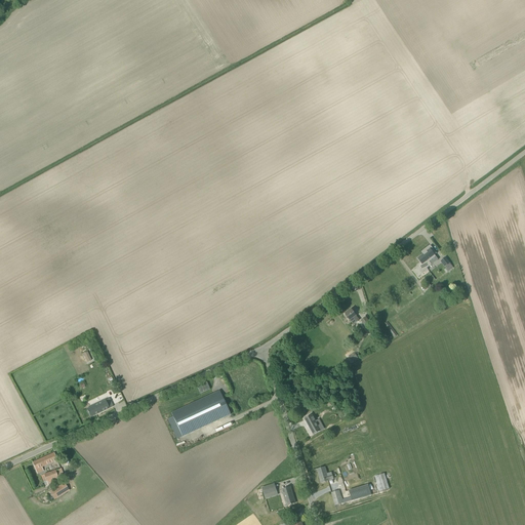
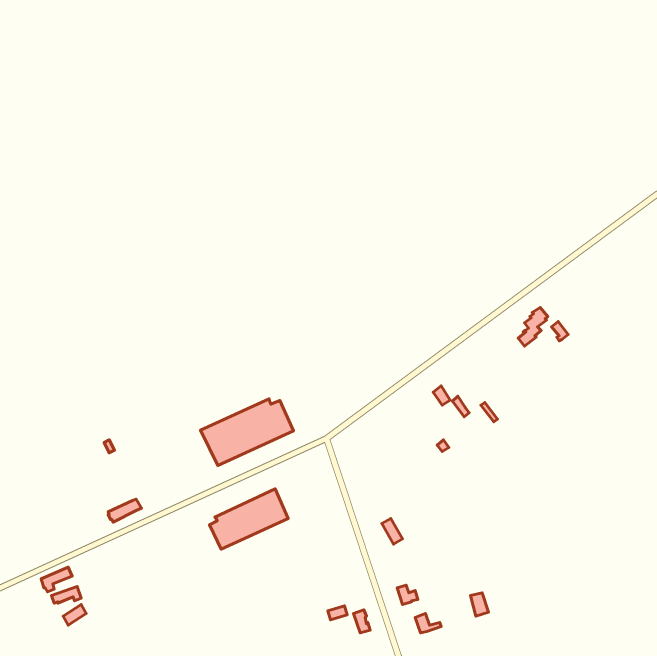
building: none -> [201,399,293,466]

